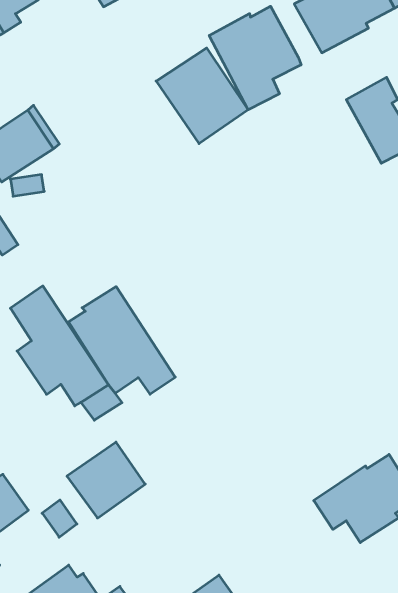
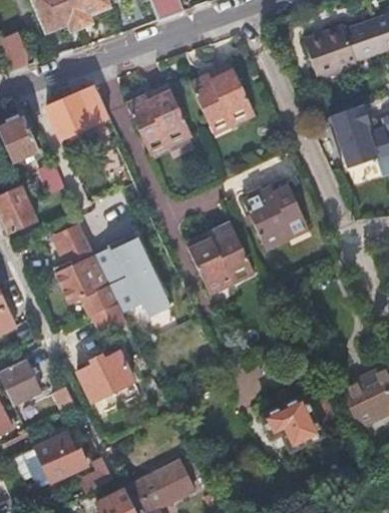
building: [209,6,301,110] -> none
building: none -> [126,83,190,152]
building: none -> [243,179,310,250]
building: none -> [185,223,255,295]

